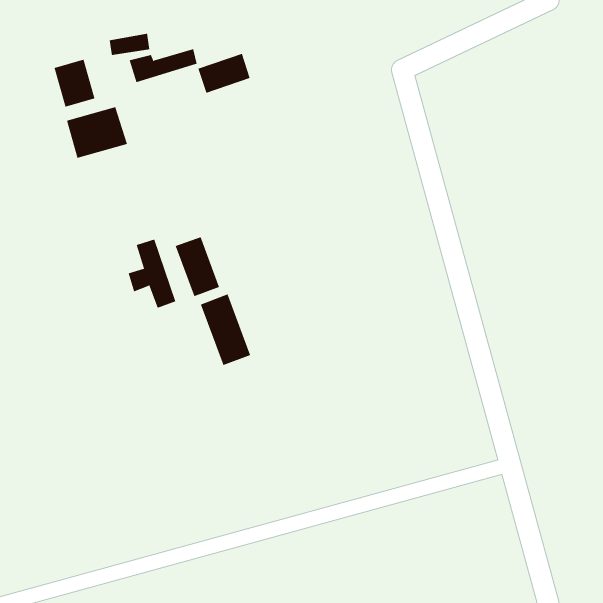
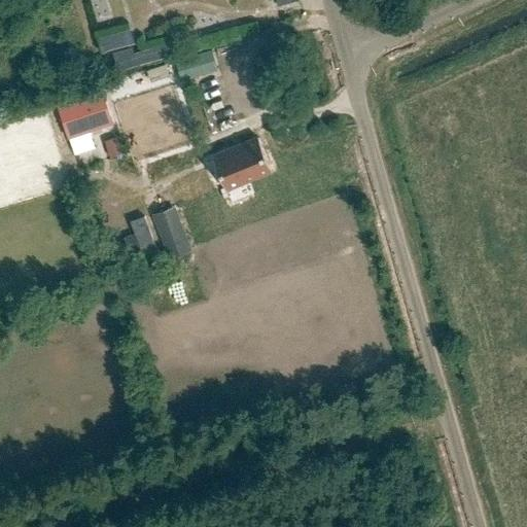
building: [54,59,95,108] -> none
building: none -> [214,141,272,191]
building: [200,294,251,366] -> none

